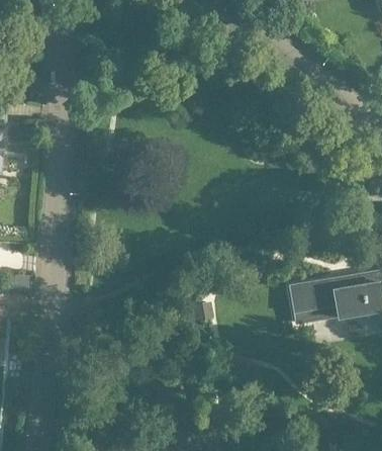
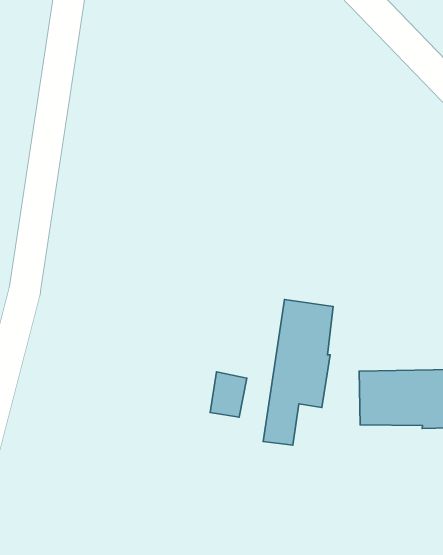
building: none -> [263,299,333,445]

